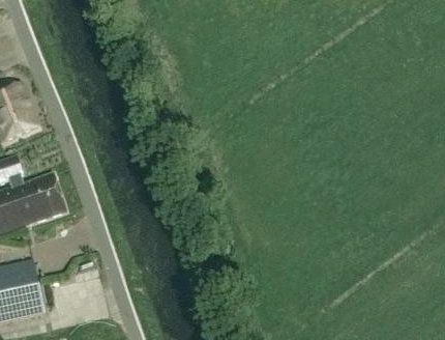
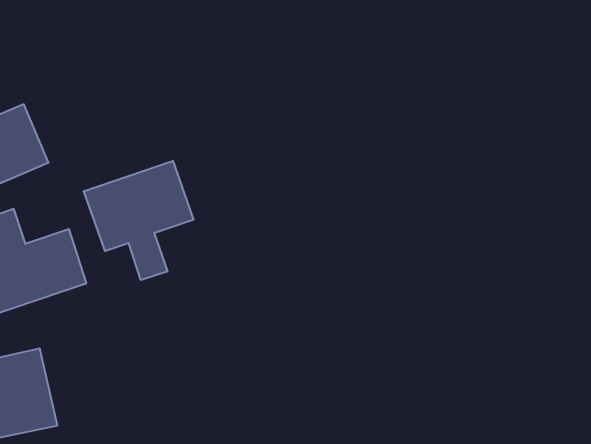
building: none -> [84,161,194,280]

